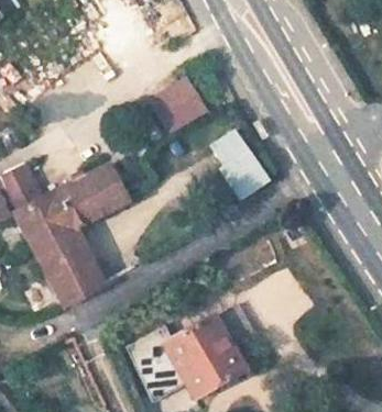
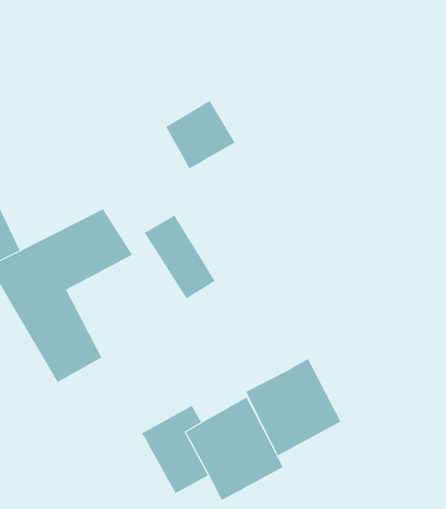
building: [209,132,265,198] -> [144,215,216,299]
building: none -> [246,358,341,456]

